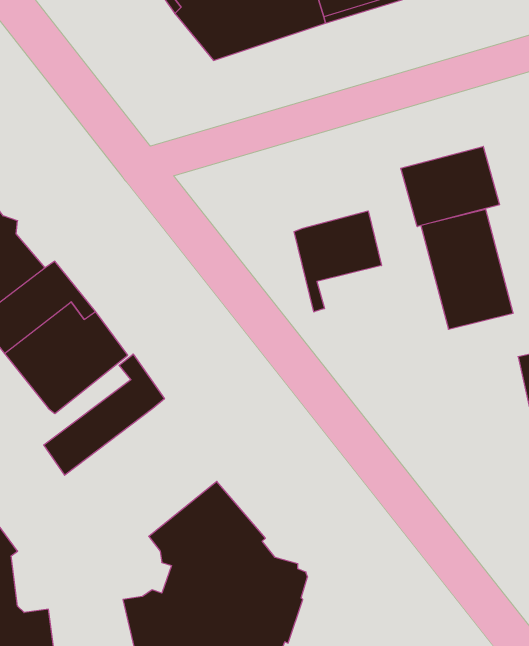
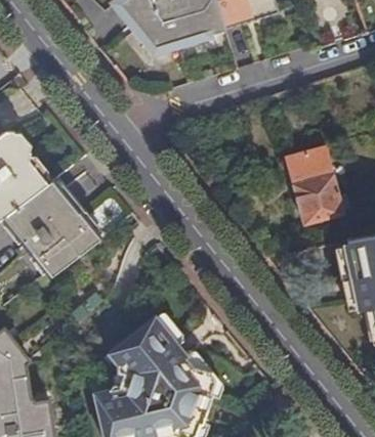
building: [401,146,500,227] -> none
building: [294,211,381,312] -> none
building: [44,354,164,475] -> none

